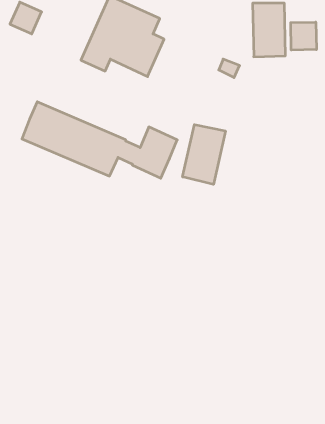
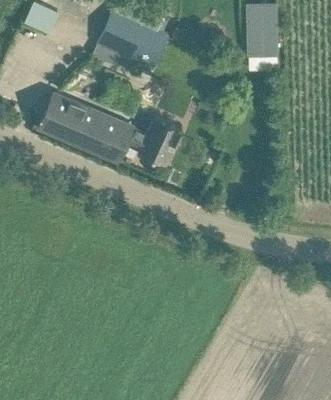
building: [291,22,316,50] -> none
building: [183,125,225,184] -> none

